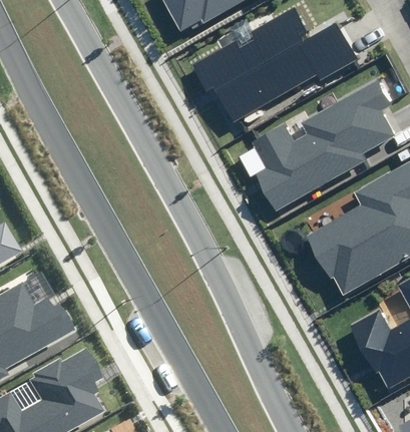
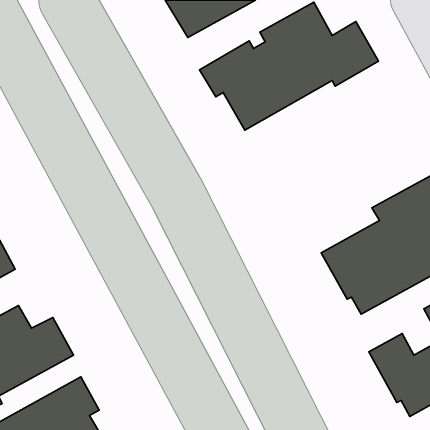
building: [254,80,396,210] -> none

